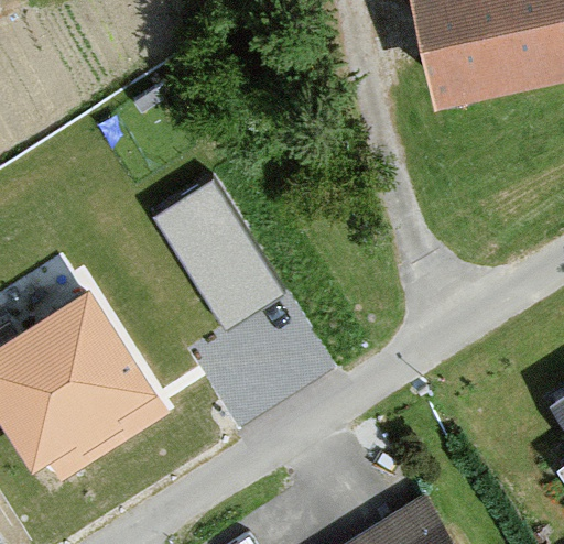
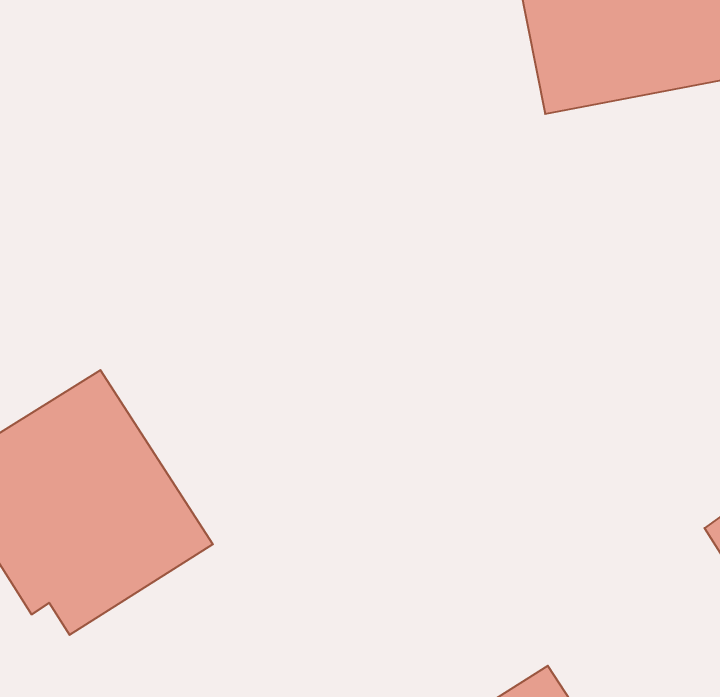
building: [160,167,289,318] -> none

